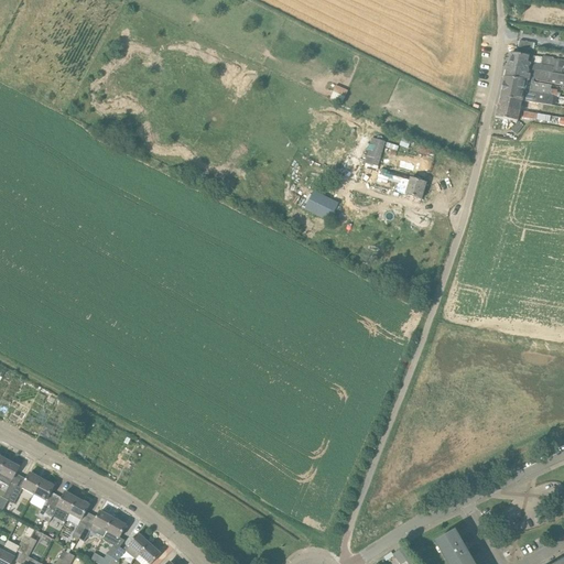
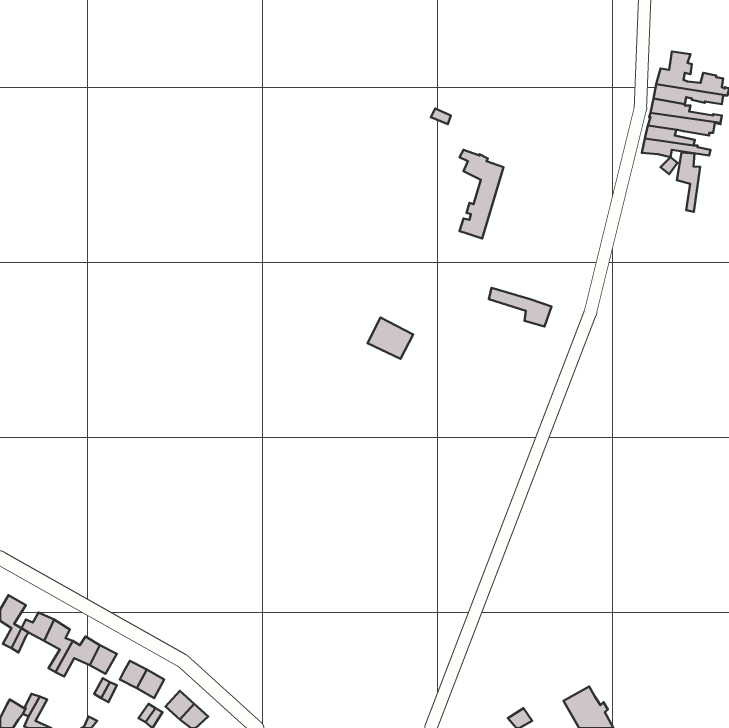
building: none -> [677,152,700,212]
building: [378,169,426,198] -> [489,288,552,326]
building: [304,189,339,221] -> [368,317,413,359]

